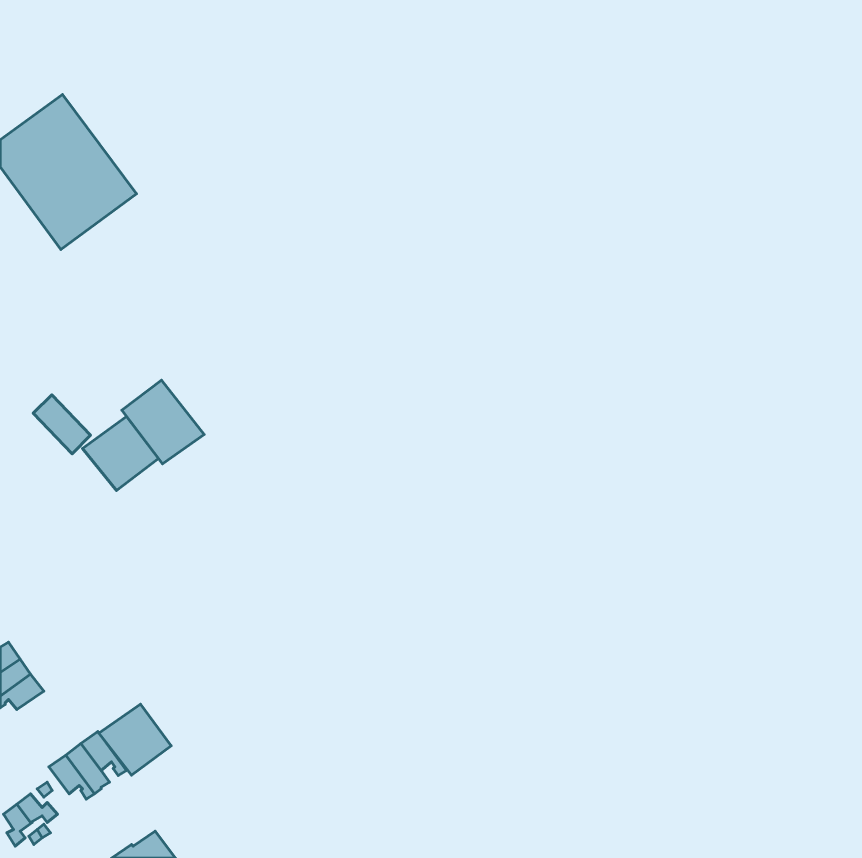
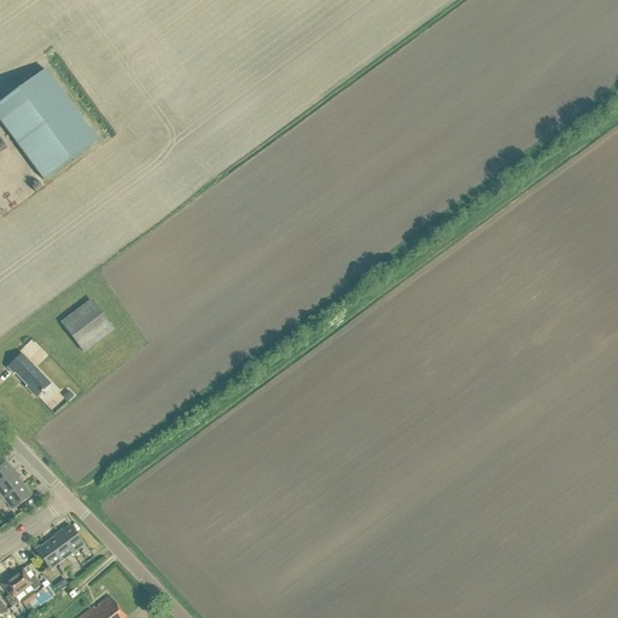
building: [122,380,204,464] -> none
building: [33,395,91,454] -> [8,352,49,395]
building: [99,704,171,775] -> none

